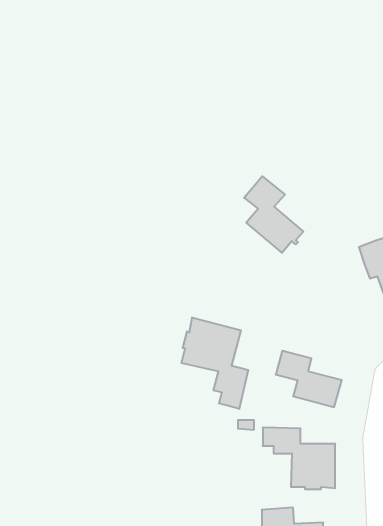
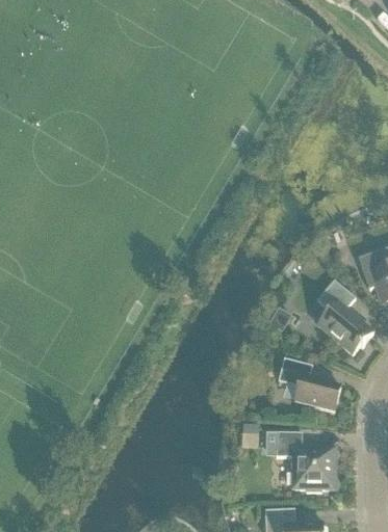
building: [244,176,303,253] -> [317,278,374,352]
building: [181,317,248,409] -> none

